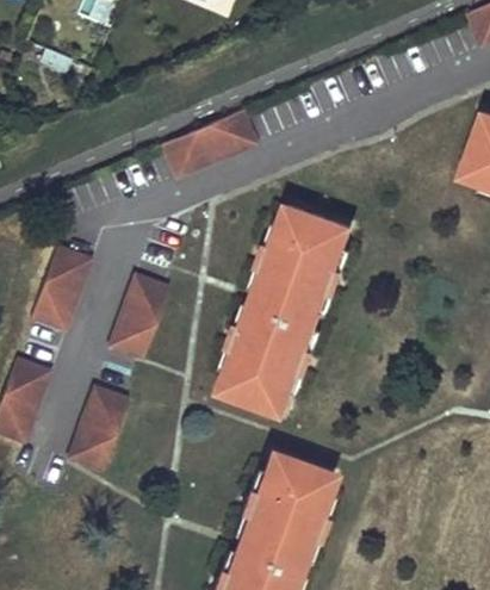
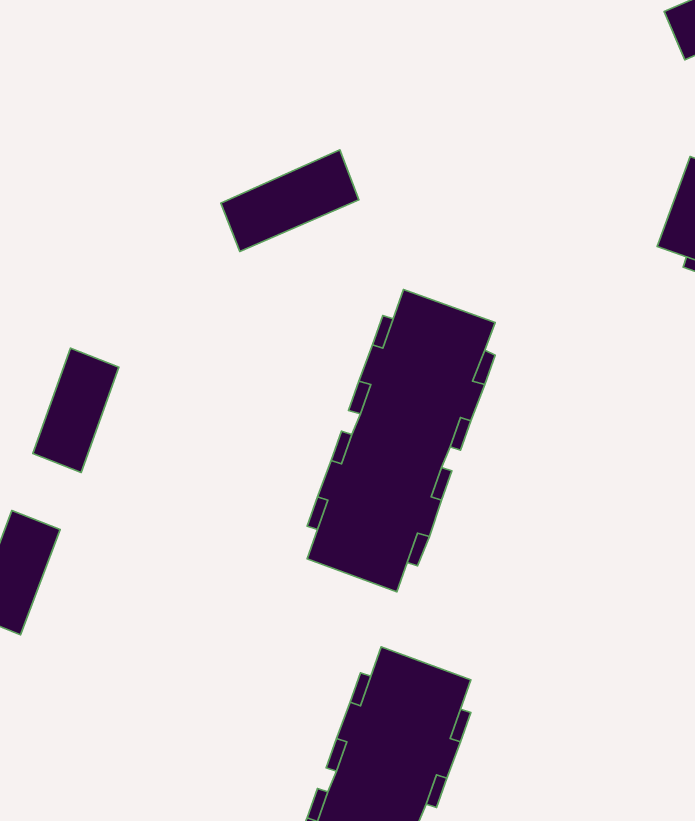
building: [110,275,169,360] -> none
building: [68,387,129,472] -> none

